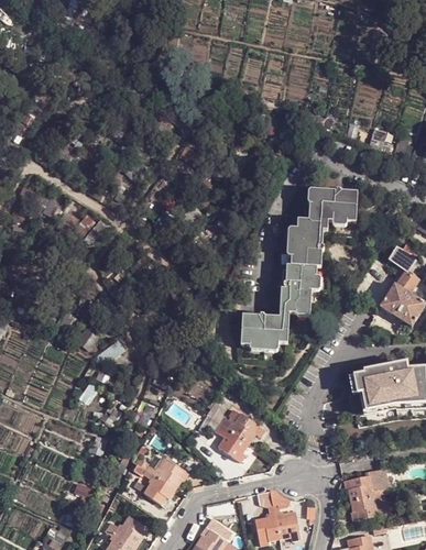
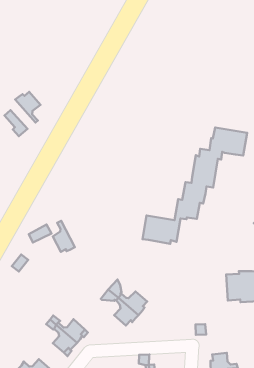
building: none -> [15,92,40,123]
building: none -> [53,221,75,252]

